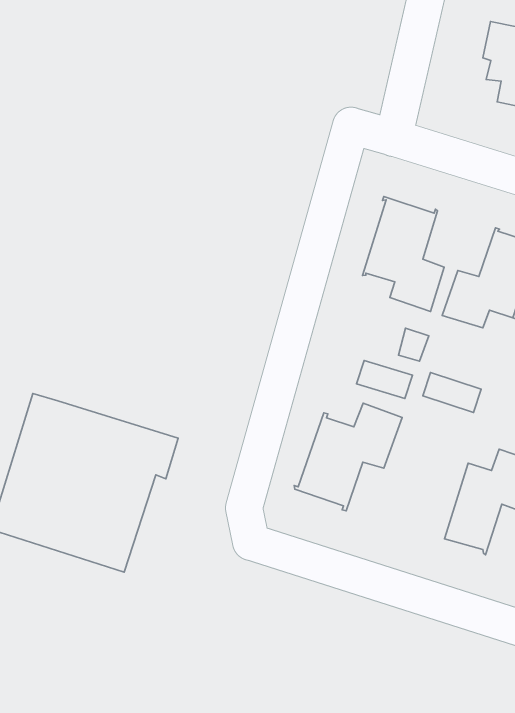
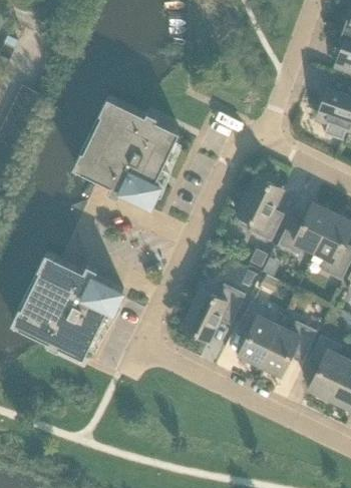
building: none -> [75,98,180,205]
building: none -> [239,304,279,367]

